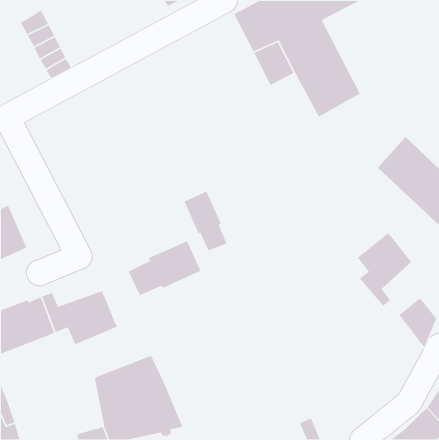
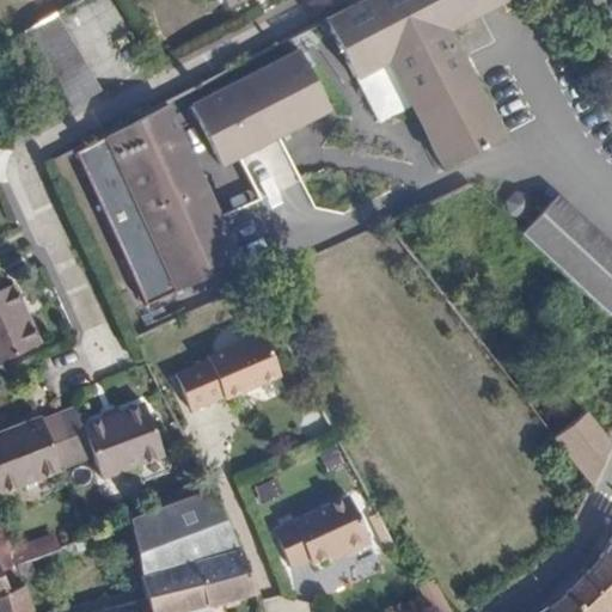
building: none -> [191,50,328,165]
building: none -> [74,103,239,308]
building: [184,191,227,252] -> none
building: [357,232,412,307] -> none
building: none -> [280,500,378,576]

